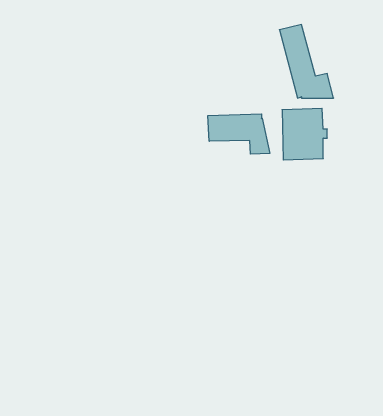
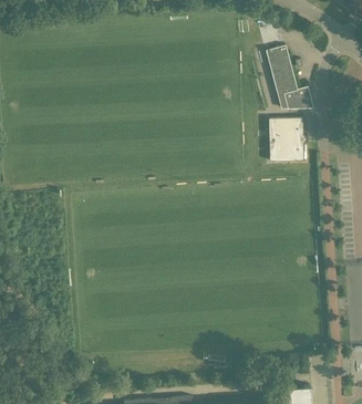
building: [208,114,270,154] -> none

